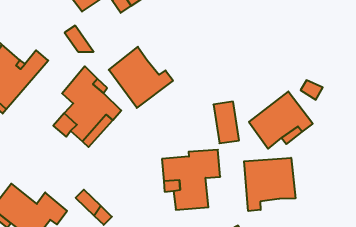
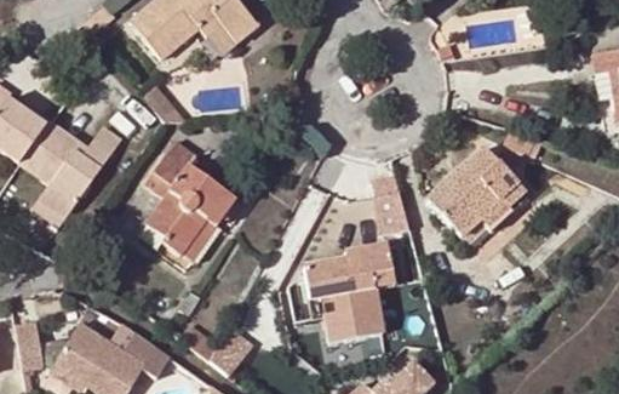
building: [109,47,173,108] -> none
building: [244,158,295,211] -> none

